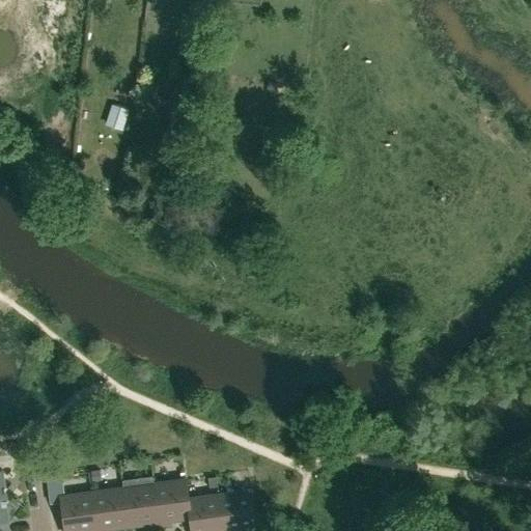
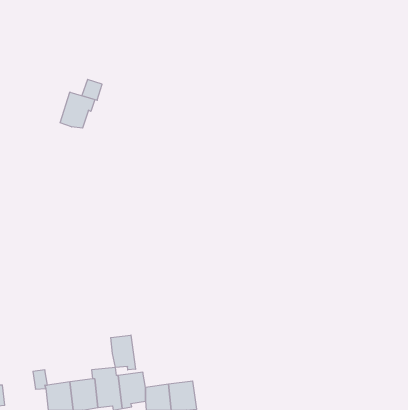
building: none -> [60,92,95,128]
building: none -> [111,335,136,370]

